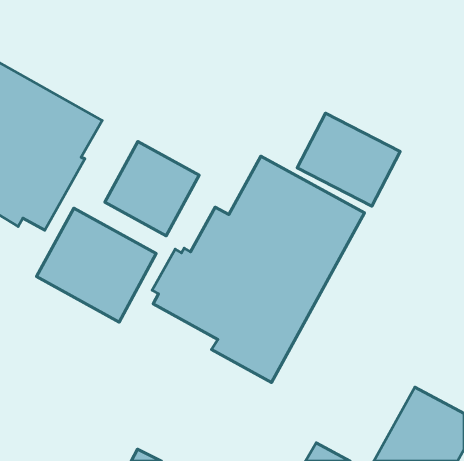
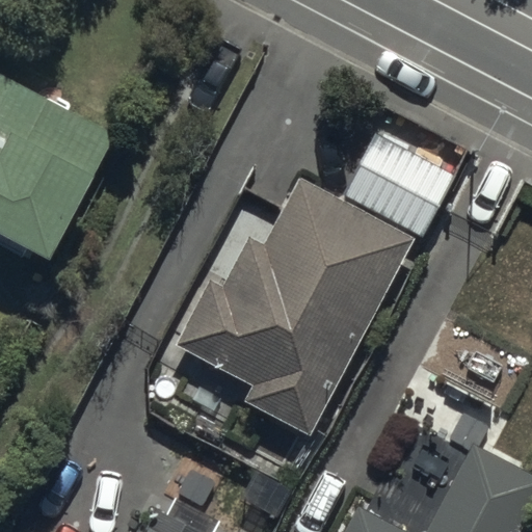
building: [105,142,199,236] -> none
building: [36,208,156,322] -> none

